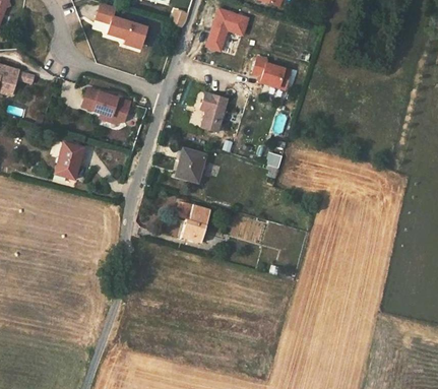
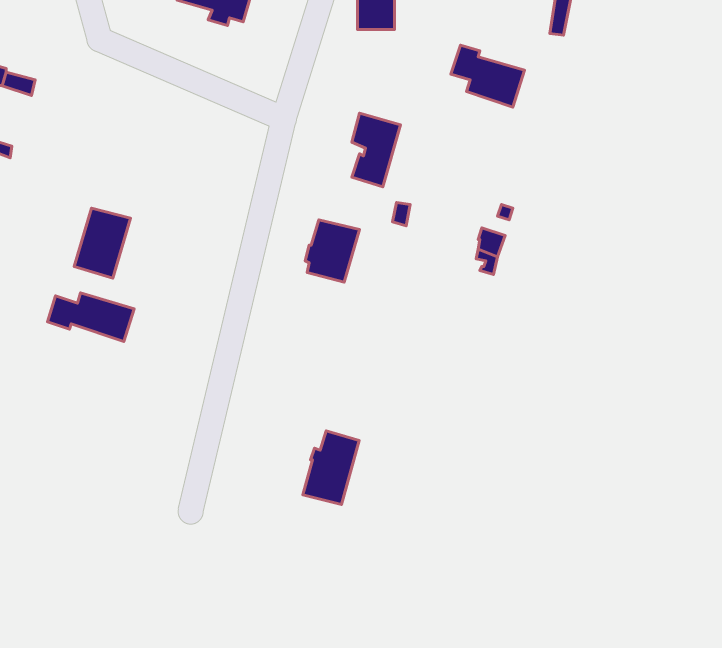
building: [83,88,131,123] -> none
building: none -> [48,293,134,341]
building: [180,203,209,242] -> [303,431,359,505]

